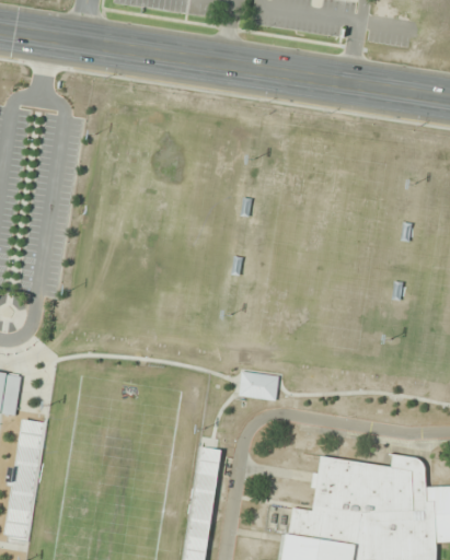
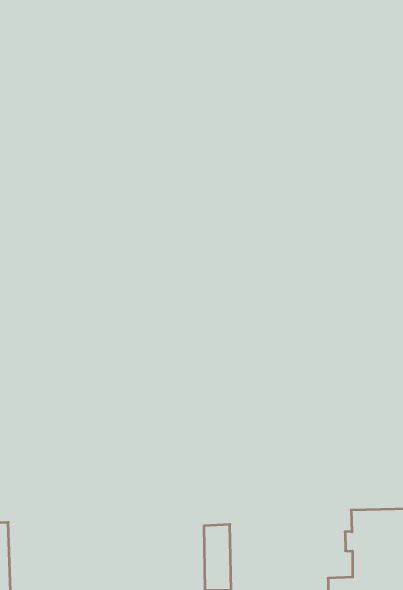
building: [238,372,278,401] -> none

